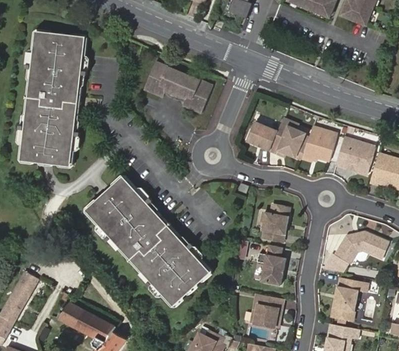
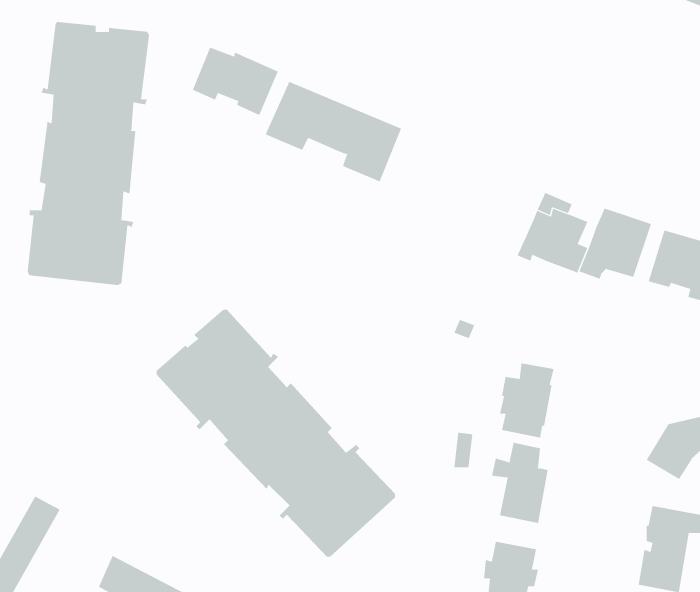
building: none -> [192,47,278,116]
building: [245,124,277,151] -> none

